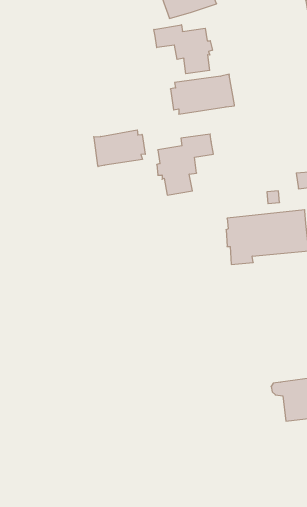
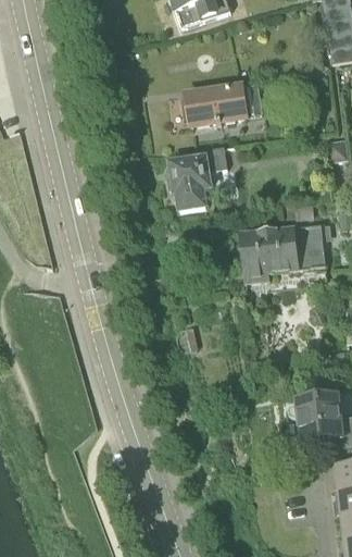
building: [154,25,212,74] -> none
building: [94,130,145,167] -> none

